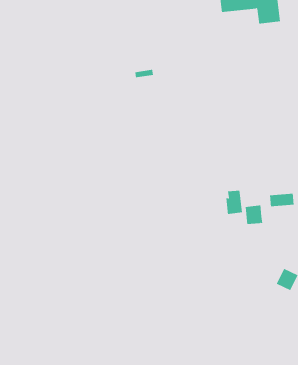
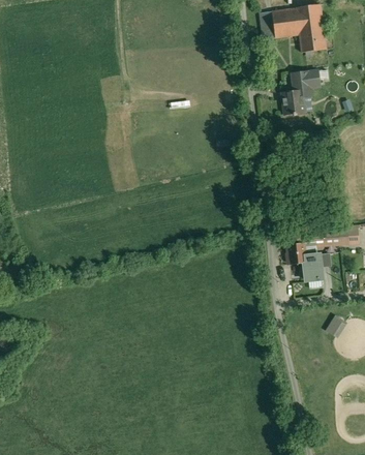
building: none -> [284,71,312,115]
building: [225,190,243,214] -> [305,254,324,280]

